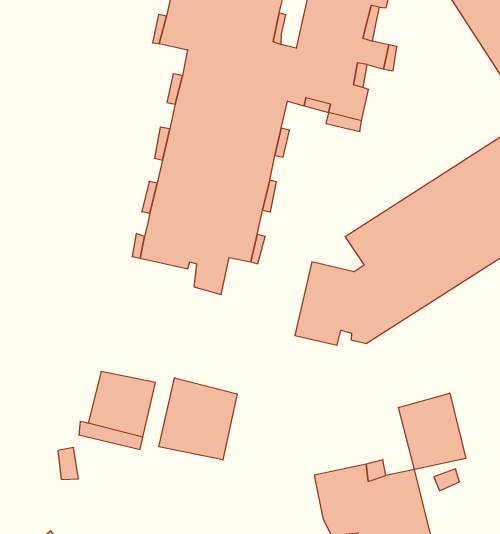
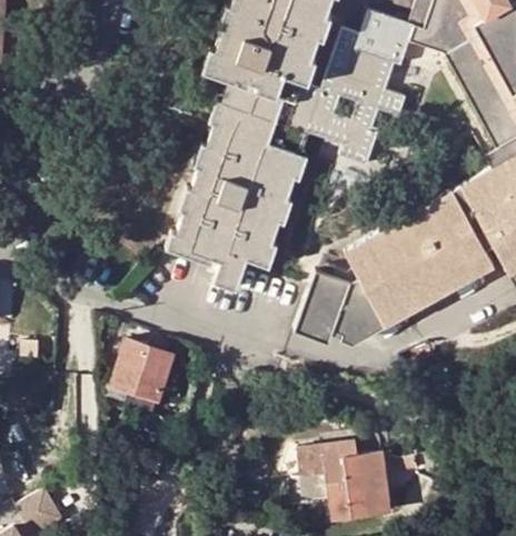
building: [159,378,237,460] -> none
building: [398,393,466,470] -> none

